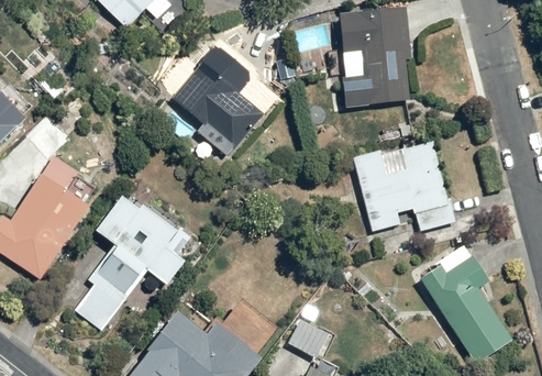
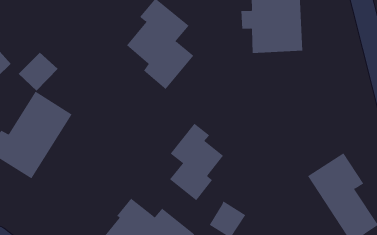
building: [351,139,454,234] -> none
building: [71,189,197,331] -> none
building: none -> [169,123,224,201]

